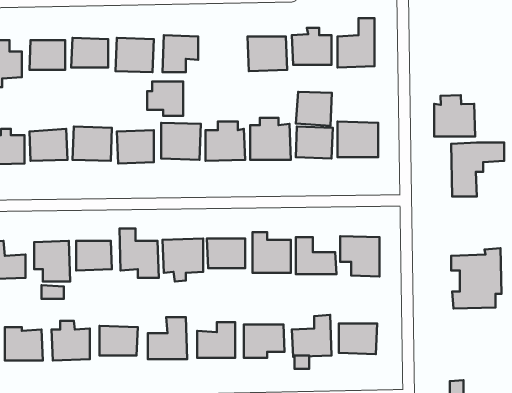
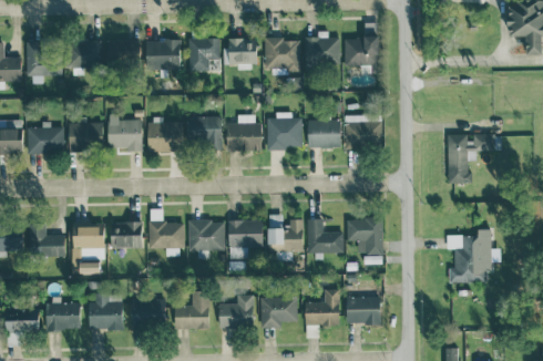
building: [147,81,183,116] -> [223,39,255,70]
building: [296,92,332,126] -> none
building: [434,95,475,137] -> none

